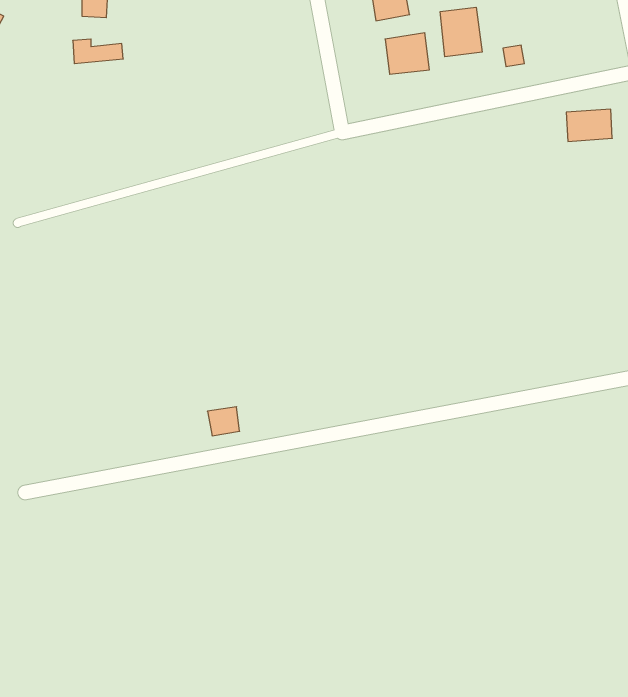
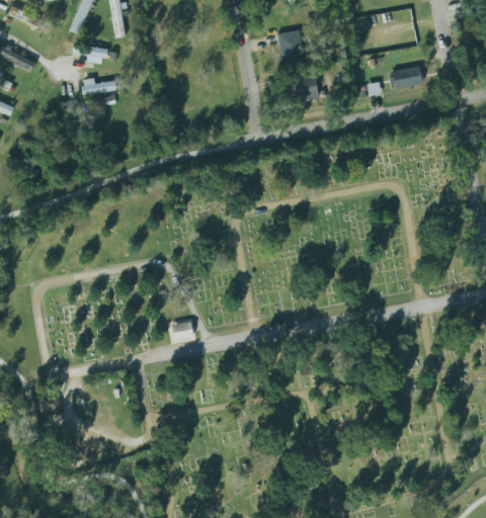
building: [440,7,482,57] -> none
building: [566,109,612,141] -> [391,67,421,88]

